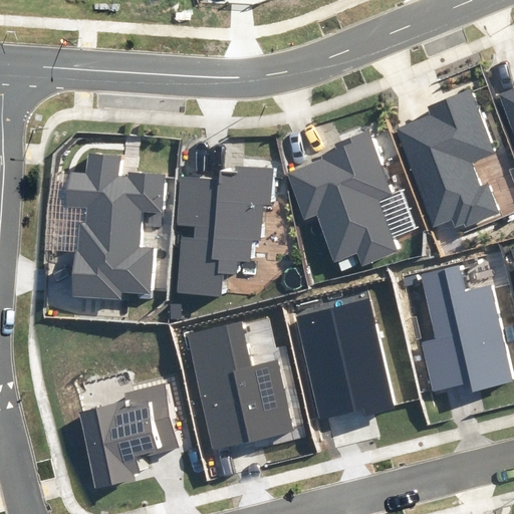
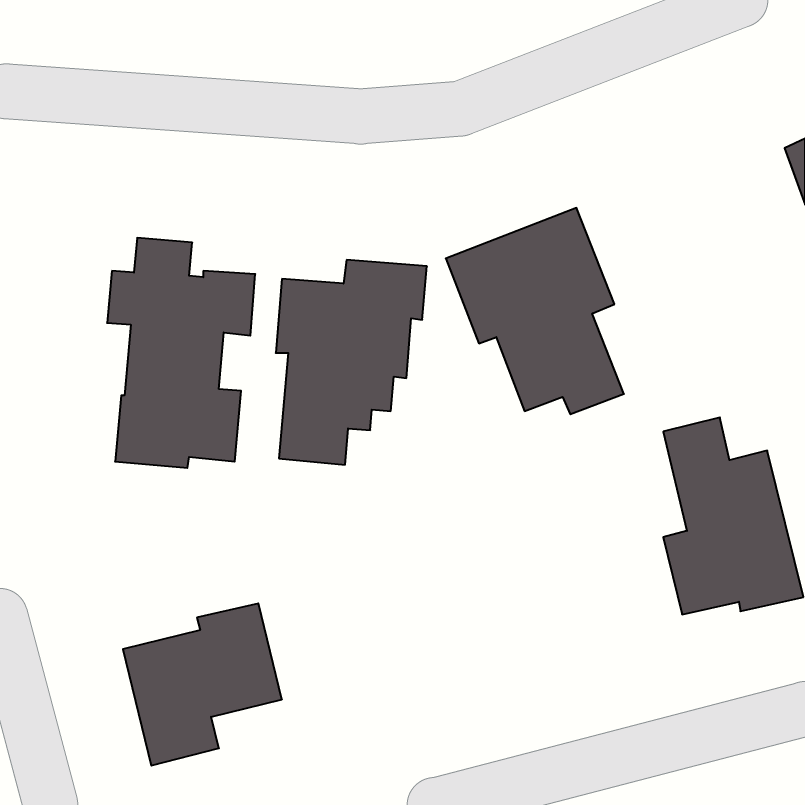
building: [398,91,499,229] -> none
building: [296,300,395,418] -> none
building: [188,323,293,450] -> none

